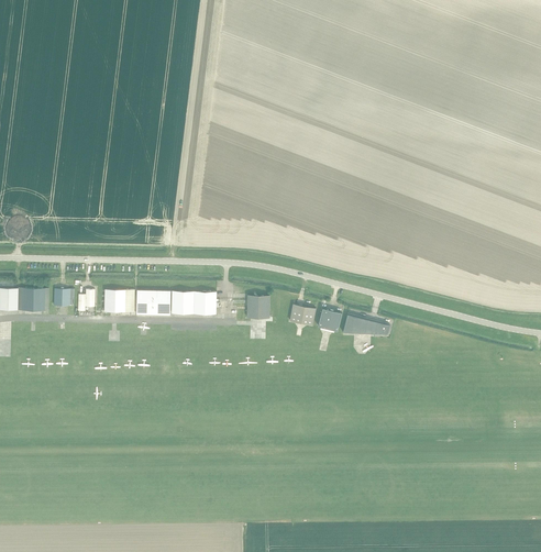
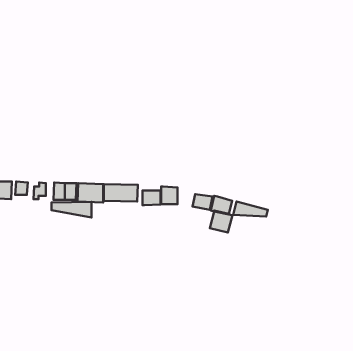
building: none -> [143,190,161,205]
building: none -> [52,202,91,217]
building: none -> [210,211,232,233]

